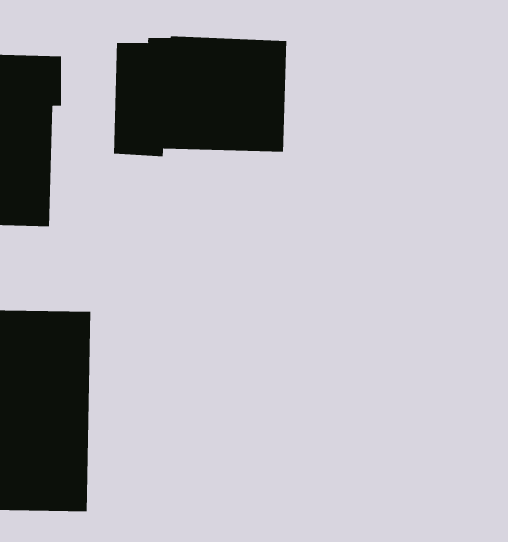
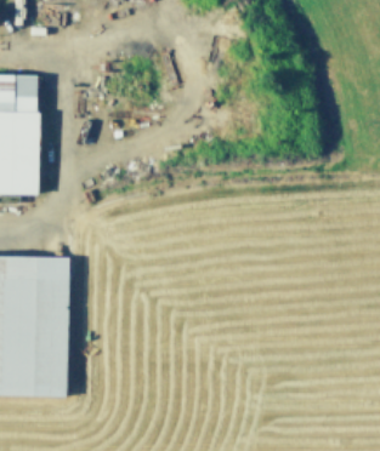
building: [113,36,287,157] -> none

